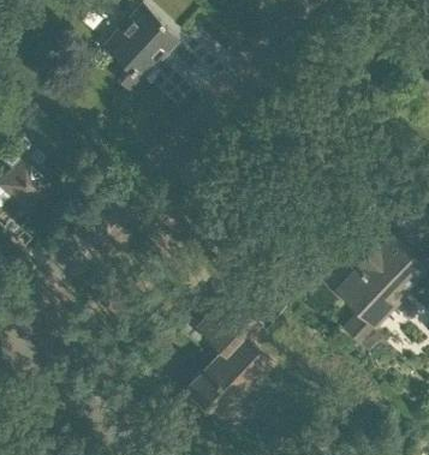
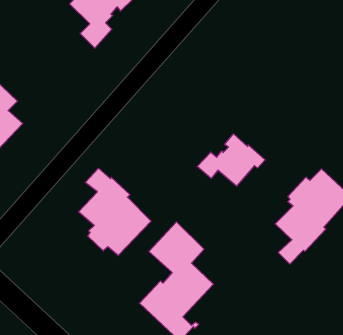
building: none -> [197,134,265,186]
building: none -> [79,168,151,256]

